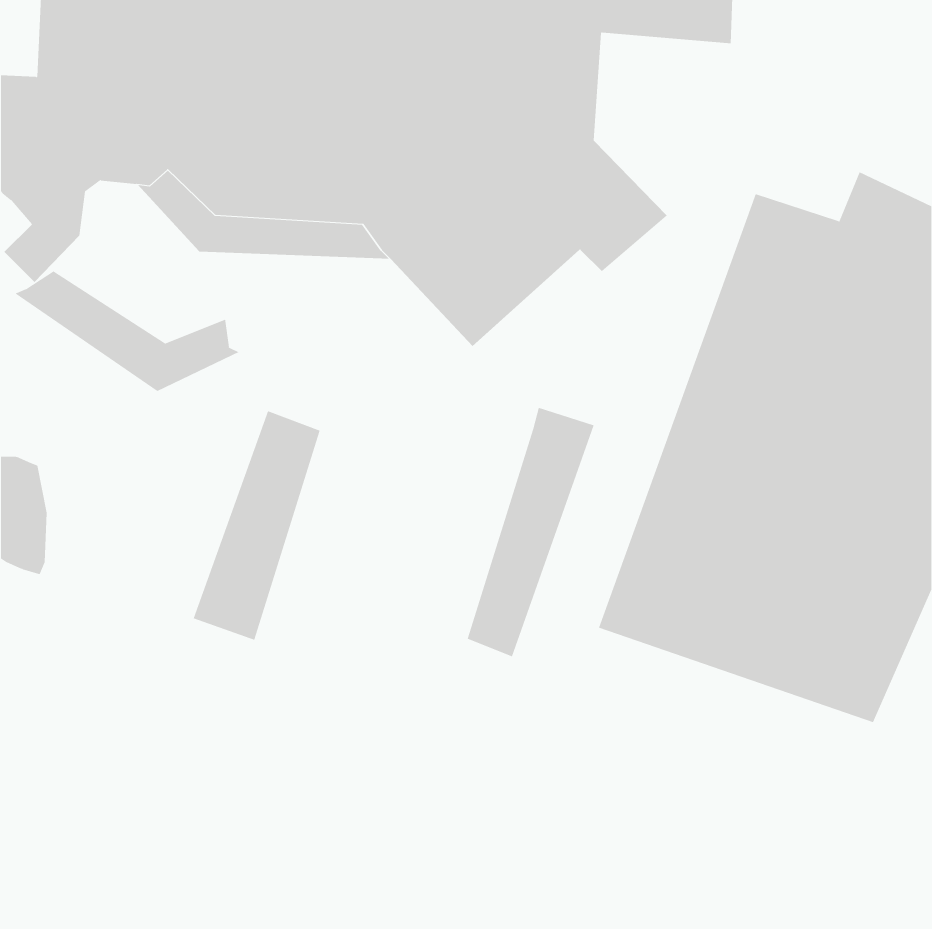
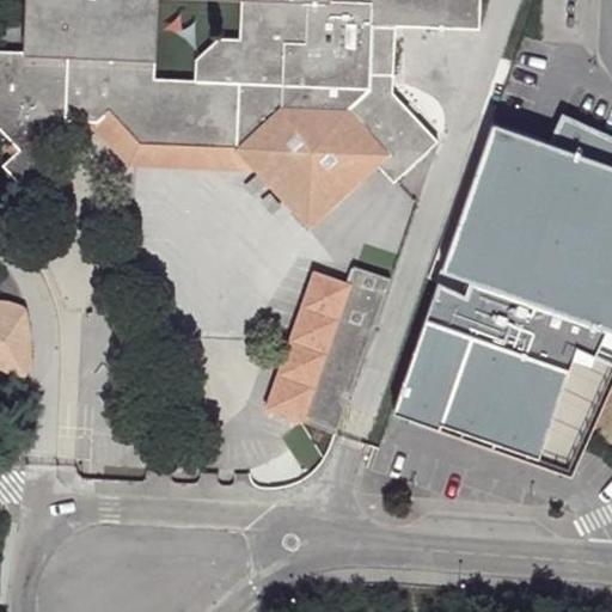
building: [14,271,240,392] -> none
building: [193,410,321,640] -> [265,268,349,418]

